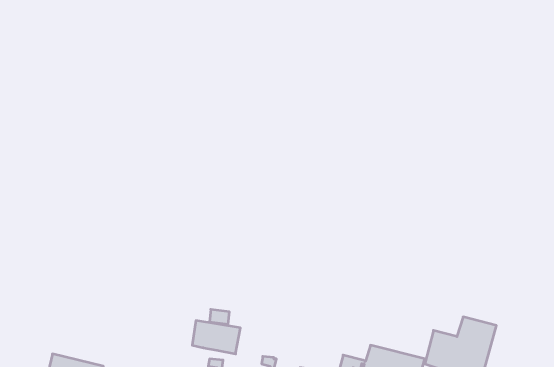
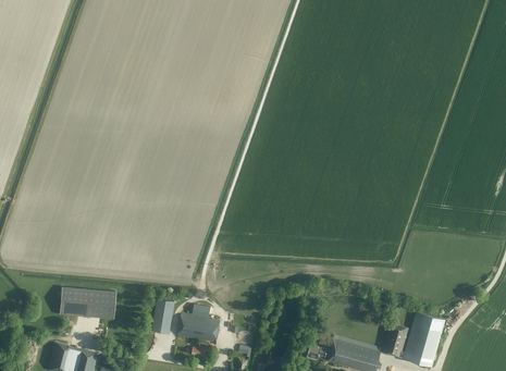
building: none -> [60,286,115,319]
building: none -> [151,298,175,334]

